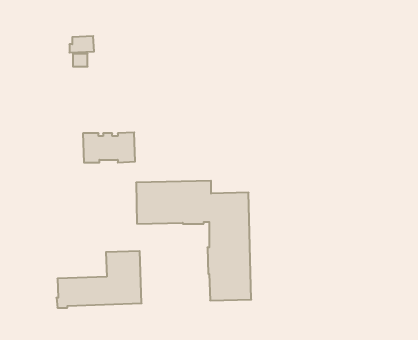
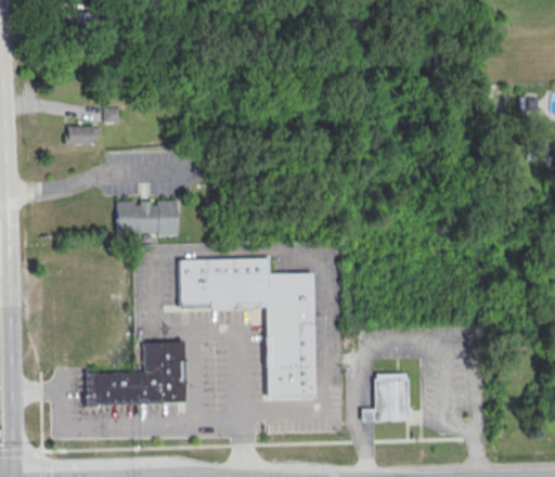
building: [69,36,94,53] -> [65,125,94,144]
building: none -> [361,371,411,420]

